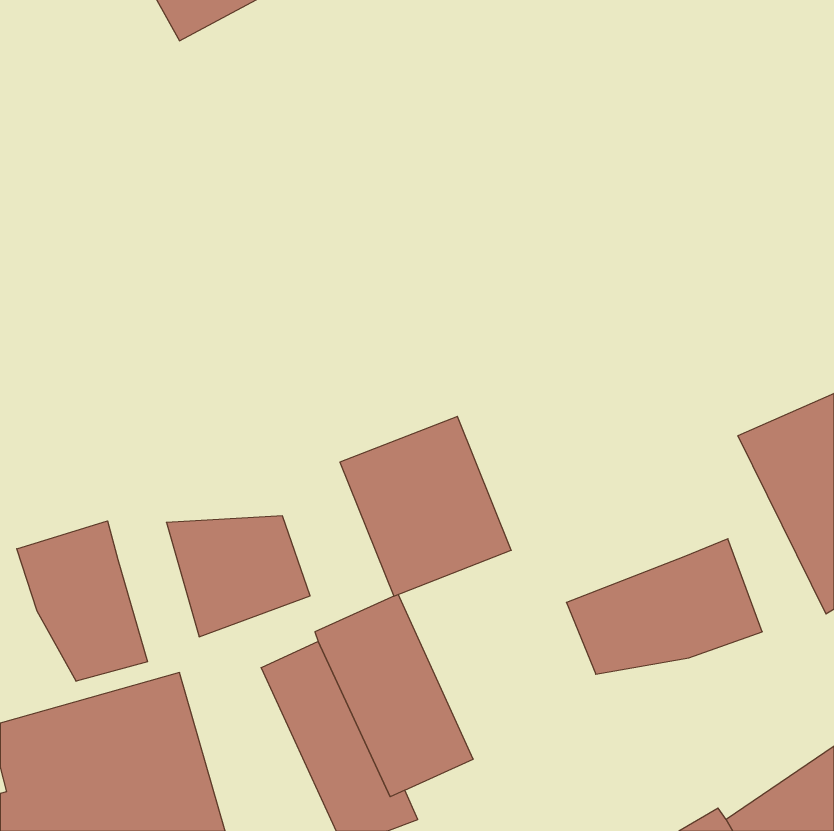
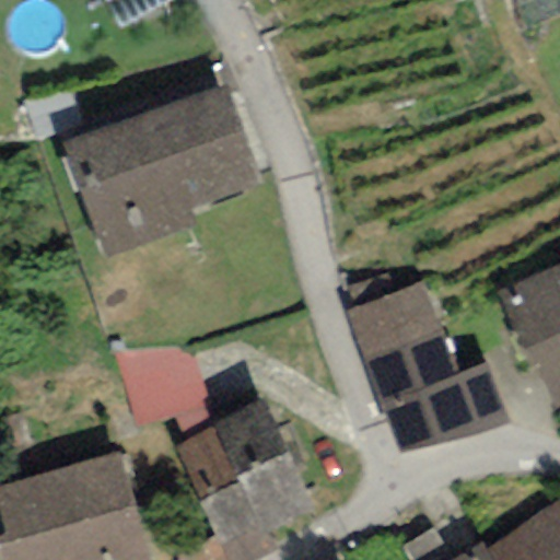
building: none -> [63,83,264,257]
building: [340,416,511,596] -> [343,283,458,404]
building: [17,521,148,681] -> none

